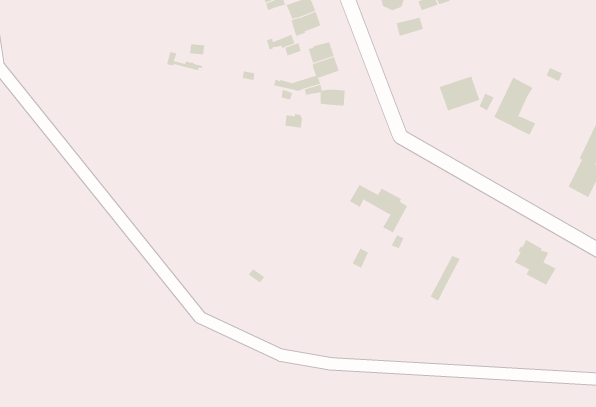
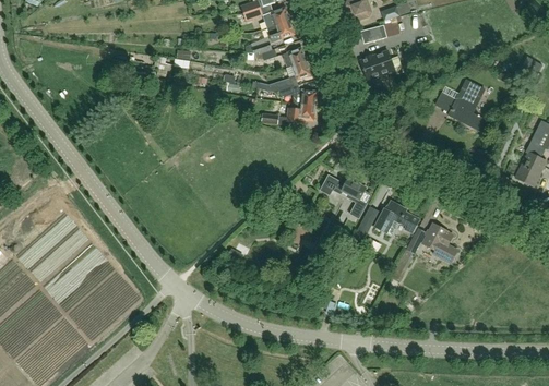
building: [439,76,480,111] -> [359,50,396,82]
building: none -> [286,104,315,123]
building: none -> [374,202,418,237]
building: [514,239,556,285] -> [421,224,460,265]

